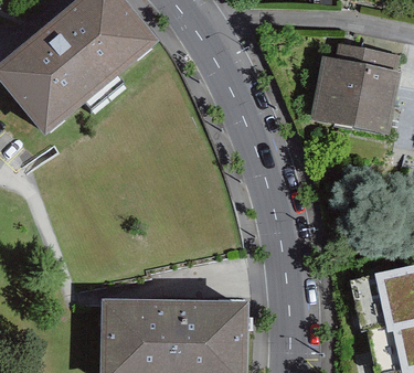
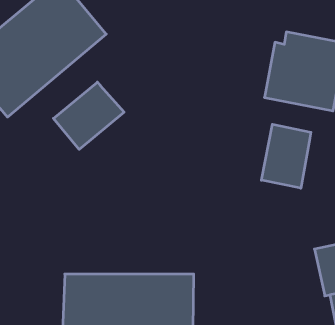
building: none -> [53,82,124,149]
building: none -> [261,124,311,188]

